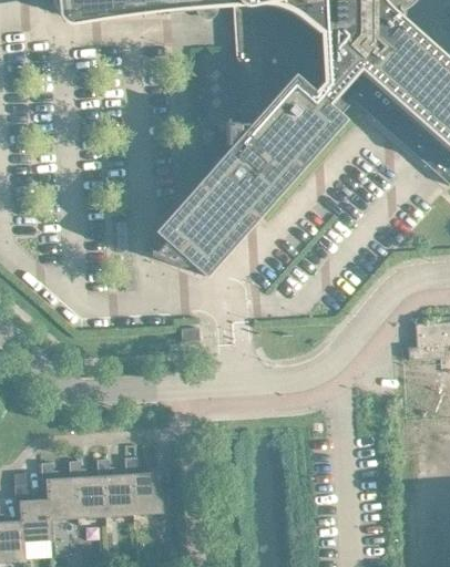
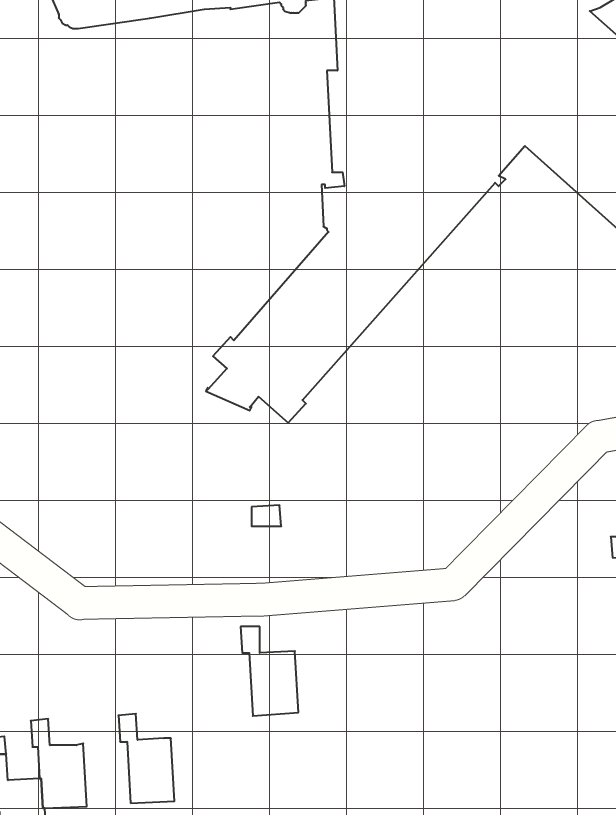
building: [130,455,166,512] -> [241,627,298,716]
building: [74,458,110,515] -> none

